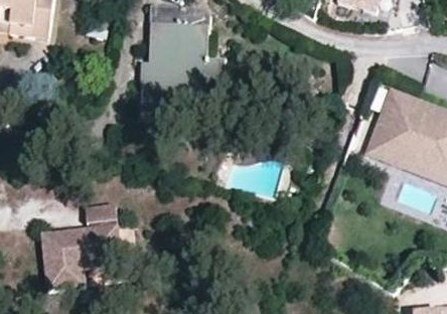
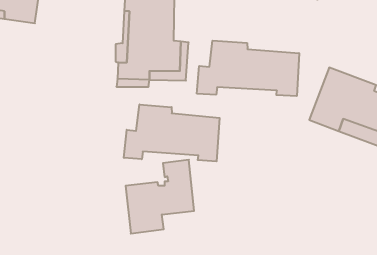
building: none -> [197,41,299,96]
building: none -> [124,104,220,161]
building: [39,202,119,288] -> [126,160,194,234]

